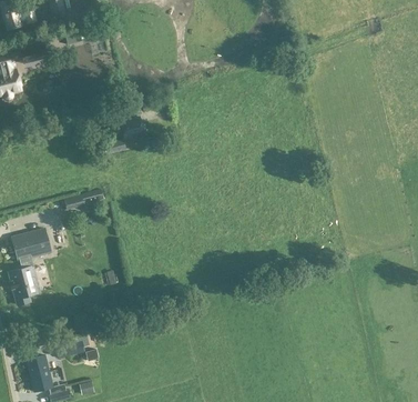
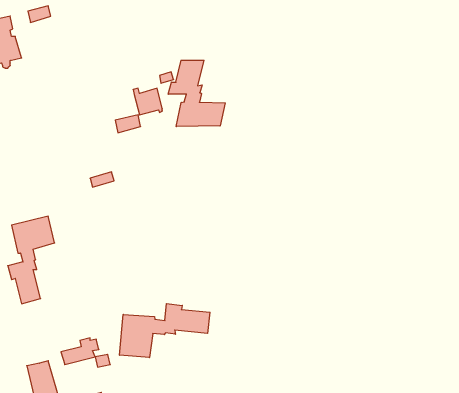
building: none -> [168,60,225,127]
building: none -> [120,304,210,358]

